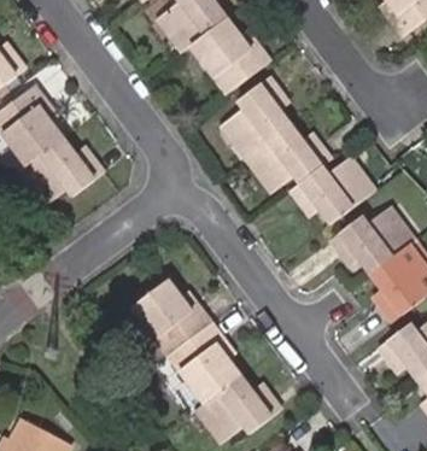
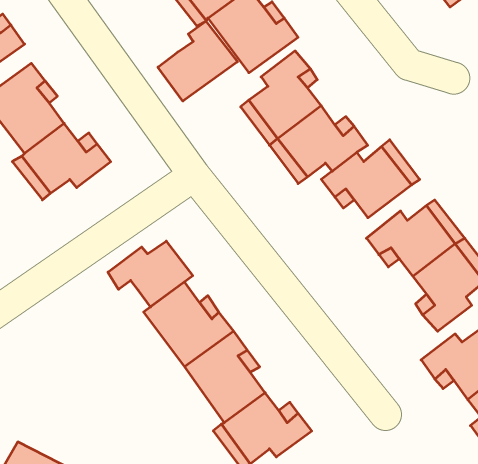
building: none -> [158,21,237,101]
building: none -> [108,241,193,307]

